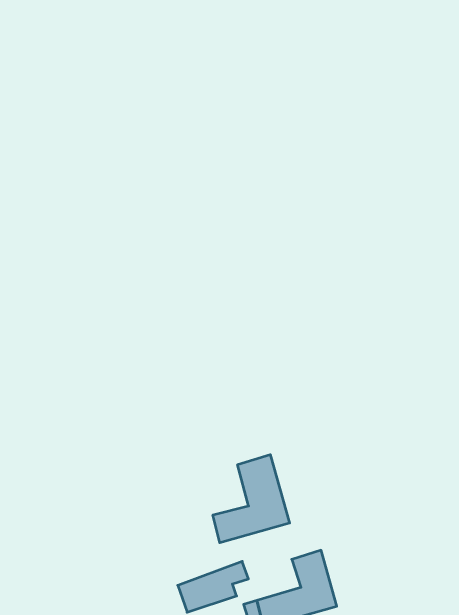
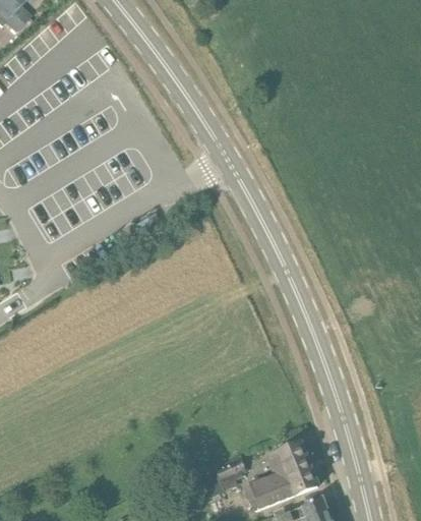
building: [213,455,290,543] -> none

